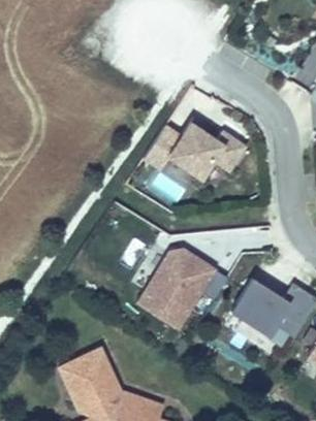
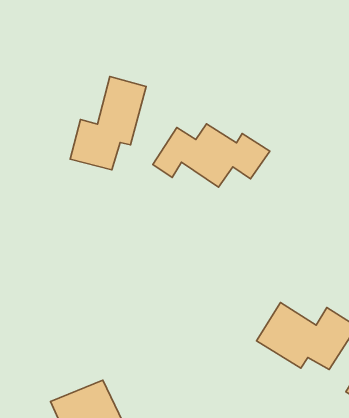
building: none -> [70,77,146,170]
building: [138,251,215,330] -> none

